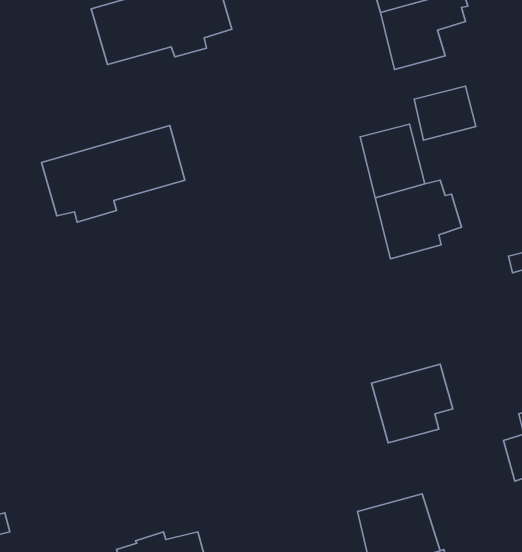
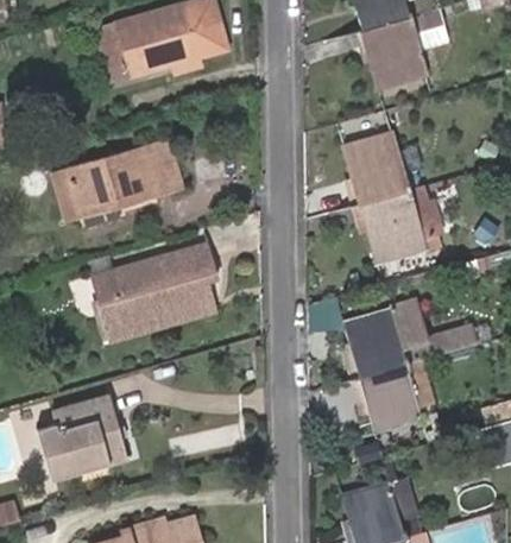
building: [414,86,476,140] -> none
building: none -> [86,231,217,341]
building: none -> [343,299,477,378]
building: none -> [37,392,128,480]

